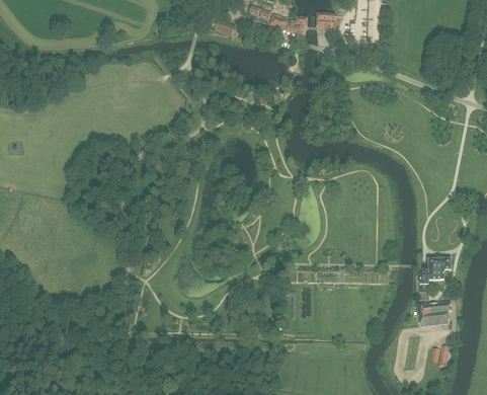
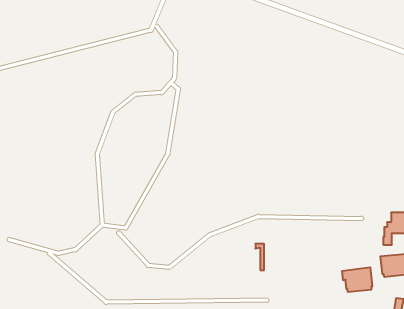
building: none -> [342,267,372,292]

